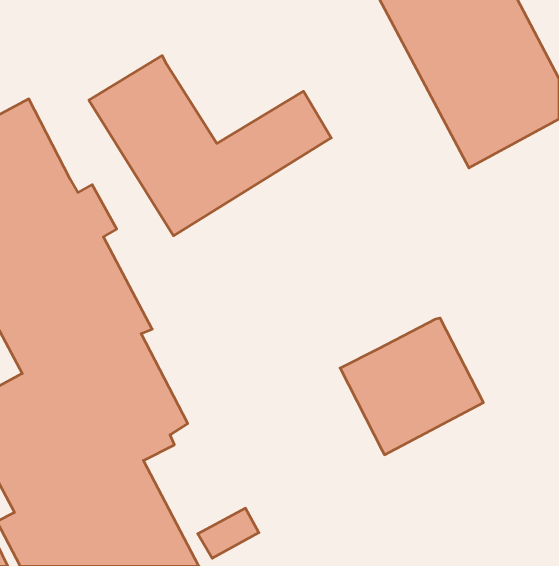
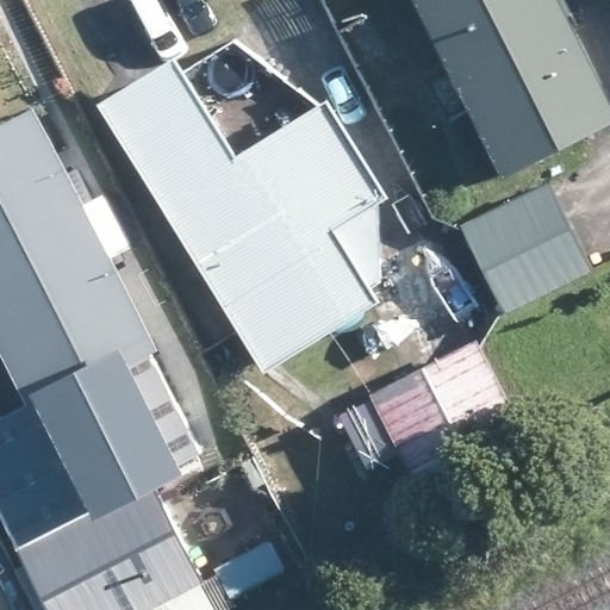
building: none -> [186,148,388,376]
building: none -> [453,180,591,318]

